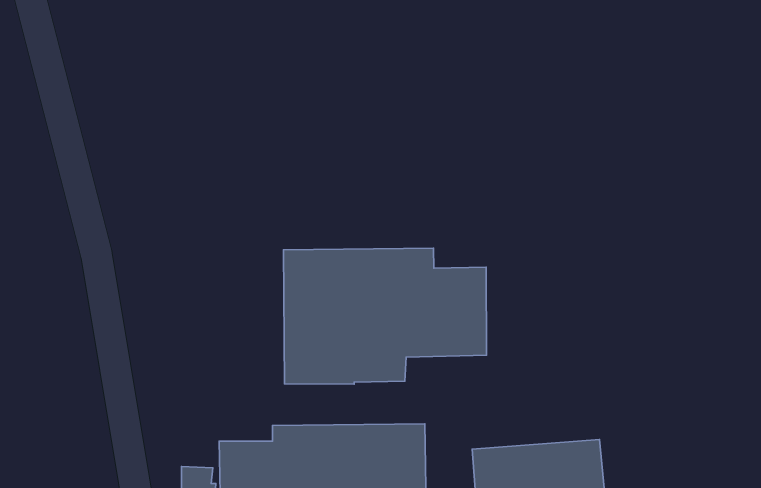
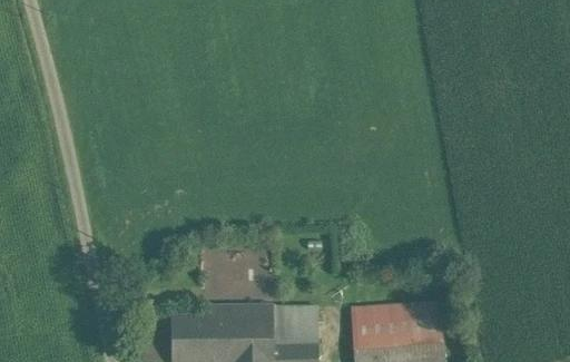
building: [284,248,486,384] -> none

